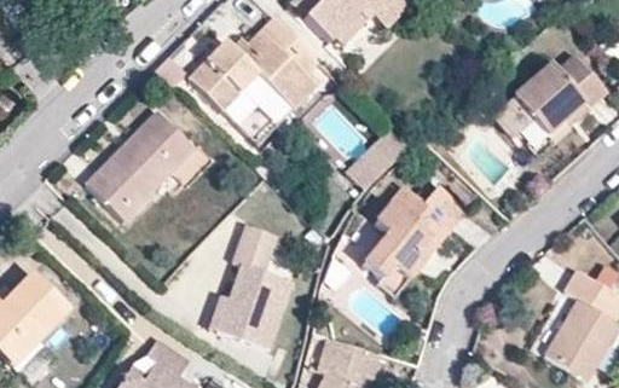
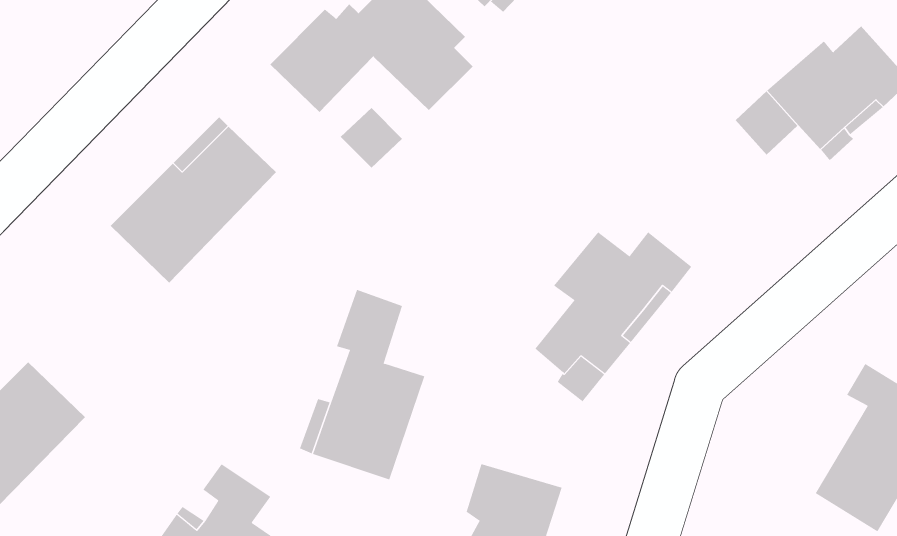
building: [345,129,406,190] -> none

